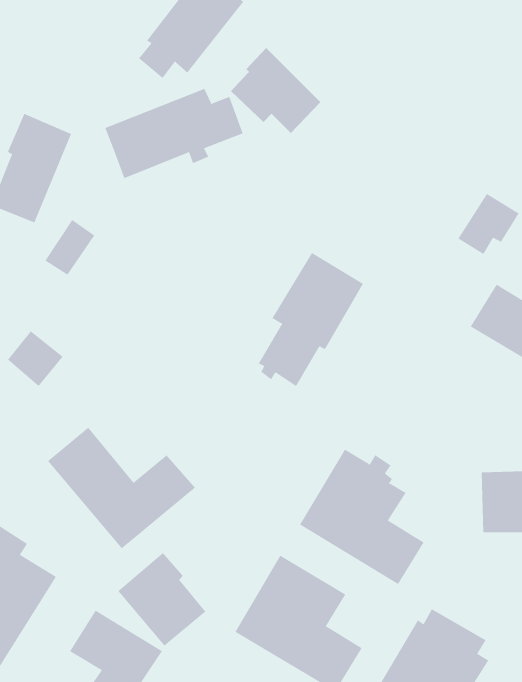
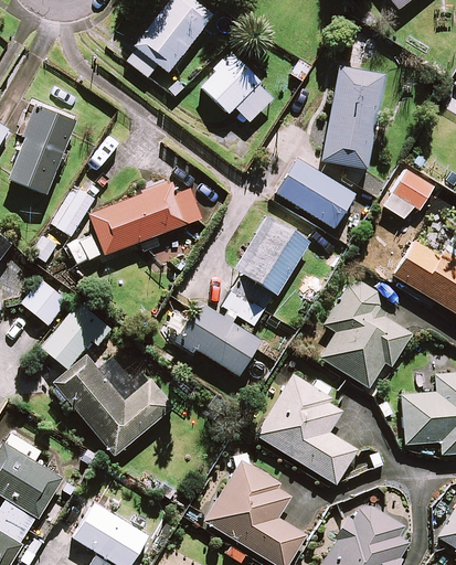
building: none -> [321,67,383,168]
building: [104,88,244,179] -> [88,182,200,255]
building: none -> [276,159,353,227]
building: none -> [320,282,410,387]
building: none -> [42,302,110,369]
building: none -> [177,302,259,375]
building: [118,552,206,646] -> none

